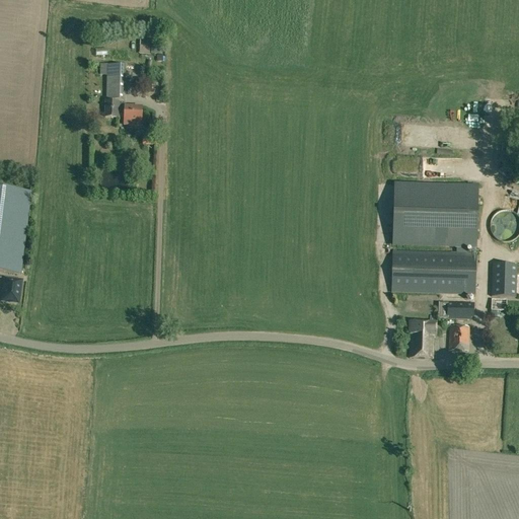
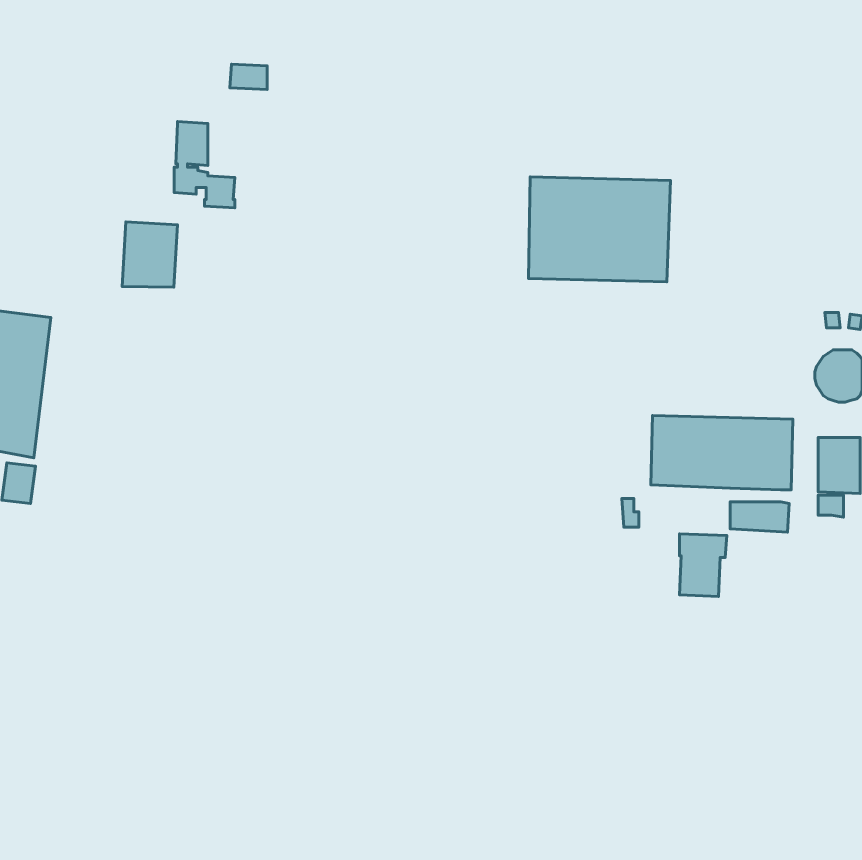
building: none -> [122,222,177,287]
building: [392,183,477,246] -> [528,177,670,282]
building: [448,324,468,351] -> none

